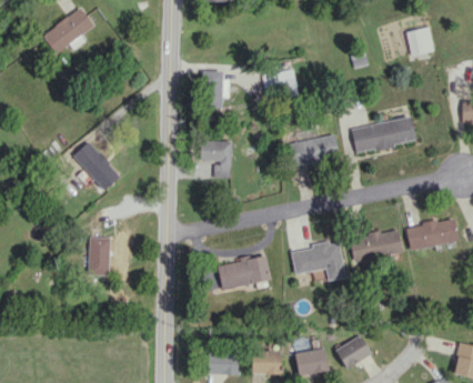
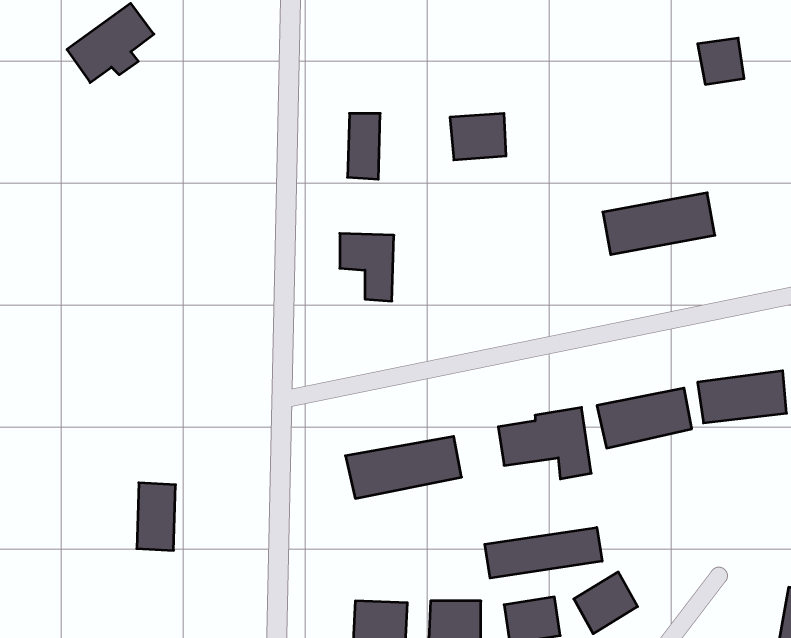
building: [291,138,338,162] -> none
building: [73,141,121,190] -> none
building: [89,236,111,275] -> [137,483,176,550]
building: none -> [485,527,602,578]

